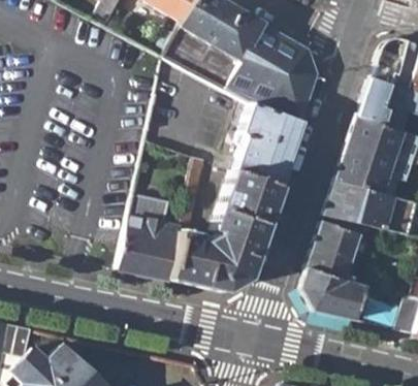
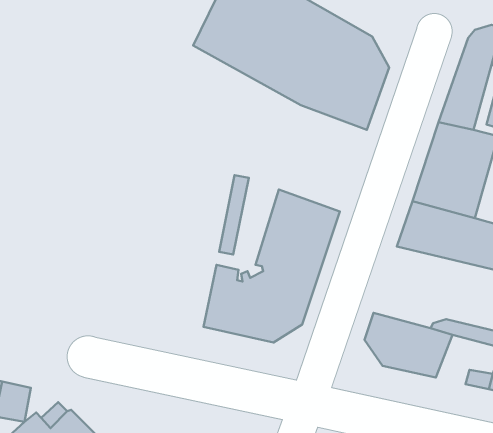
building: [235,103,302,188] -> none
building: [120,194,183,280] -> none
building: [308,220,363,280] -> none

